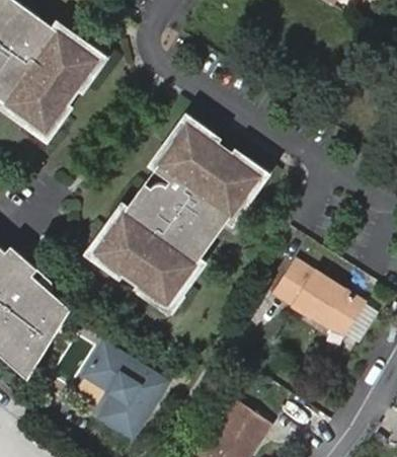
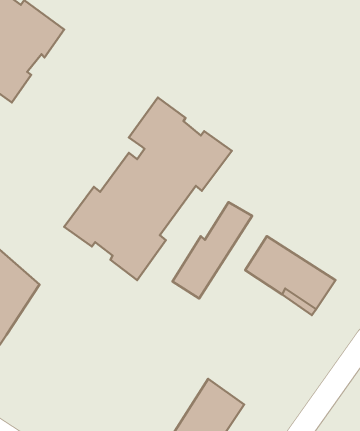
building: none -> [173,202,252,299]
building: [88,345,169,440] -> none

